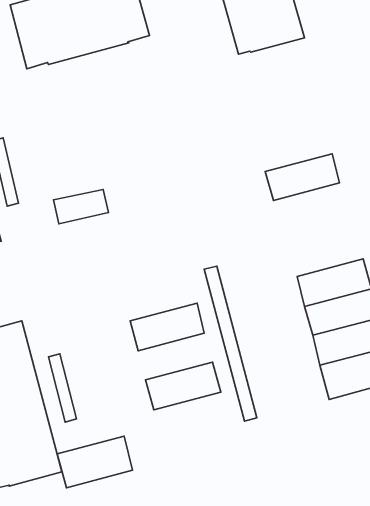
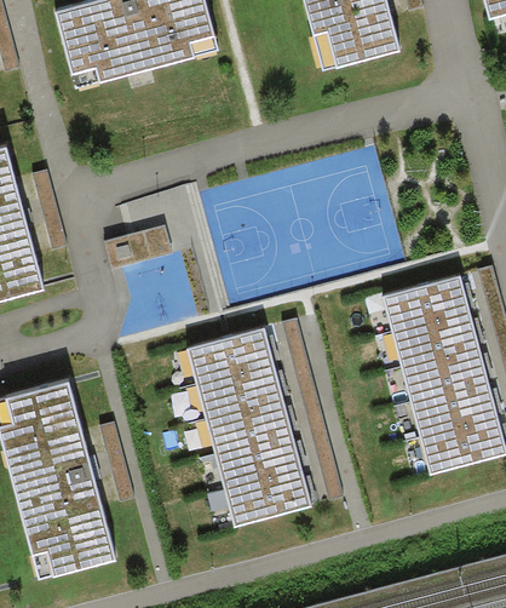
building: [265,154,339,200] -> [381,275,468,329]
building: none -> [186,327,274,382]
building: none -> [205,396,292,451]
building: [57,436,132,488] -> [223,465,311,526]

